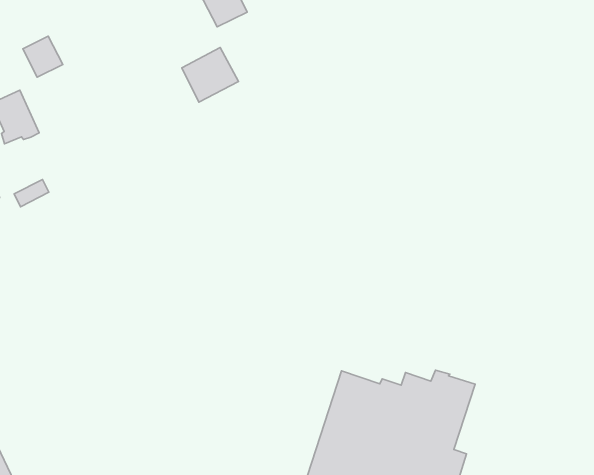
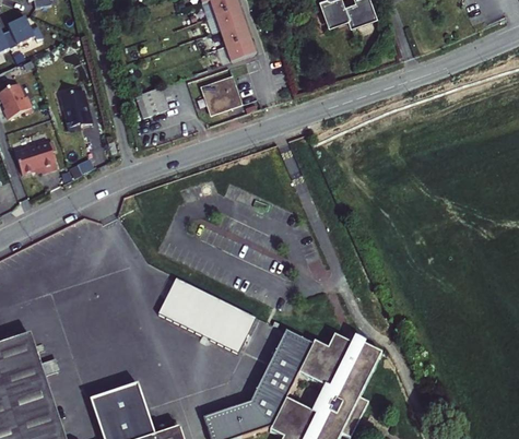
building: [23,36,63,77] -> [139,82,166,110]
building: none -> [158,277,255,351]

